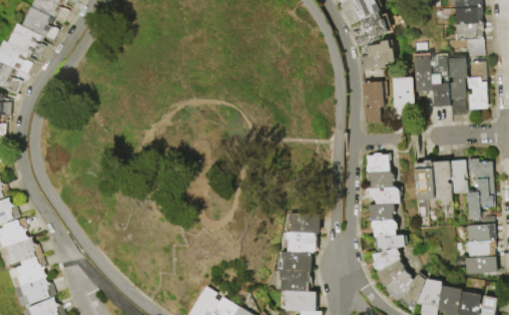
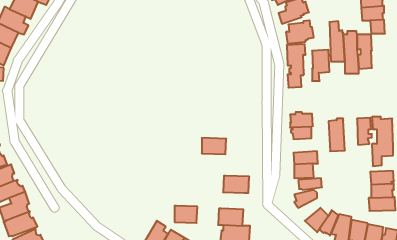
building: [469,61,488,108] -> none
building: [432,162,450,200] -> none
building: [367,186,400,203] -> none
building: [288,212,318,232] -> [202,138,226,154]
building: [283,251,311,272] -> [175,206,197,223]
building: [375,261,404,286] -> none

